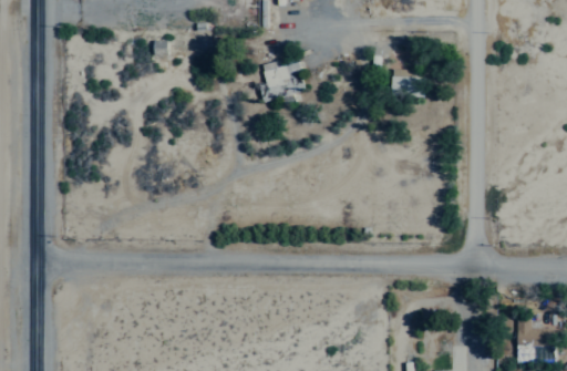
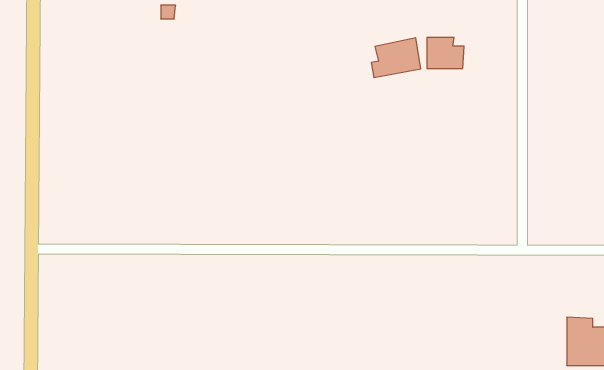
building: [259,63,303,99] -> [371,38,421,77]

